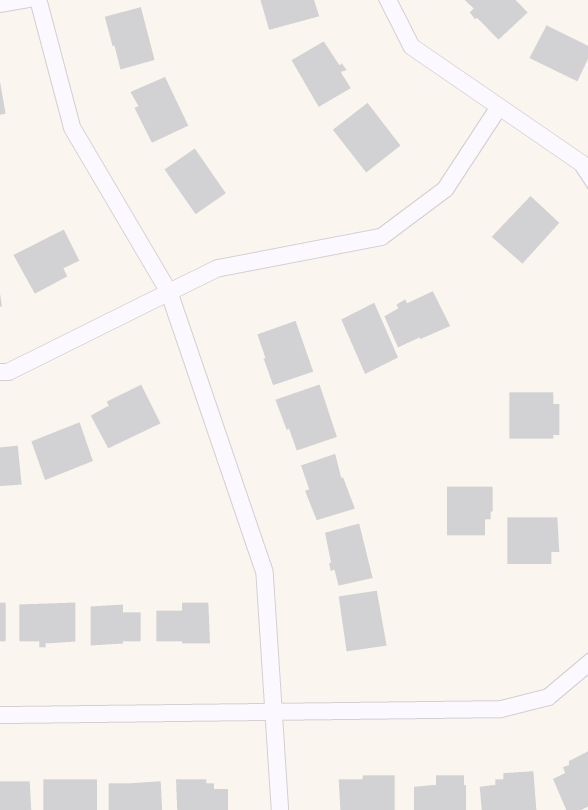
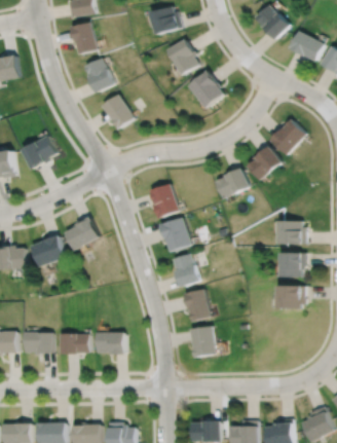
building: none -> [247,146,282,180]
building: [341,302,399,375] -> none
building: [446,486,494,536] -> [282,253,306,279]

